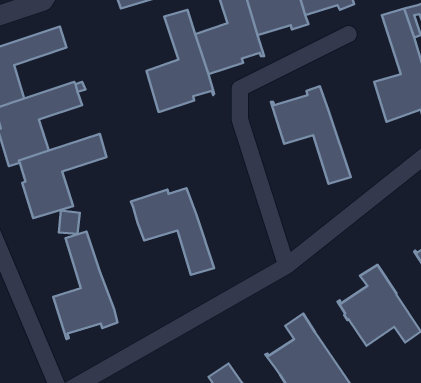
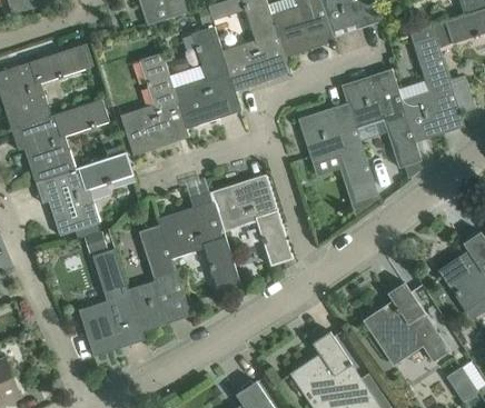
building: none -> [119,53,188,156]
building: none -> [340,70,420,168]
building: none -> [209,175,293,267]
building: none -> [126,225,189,327]

